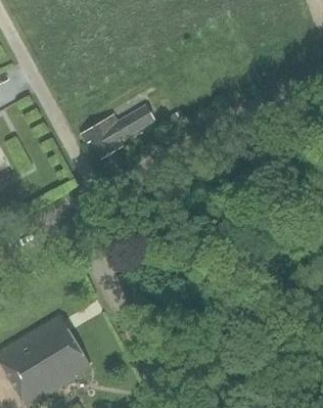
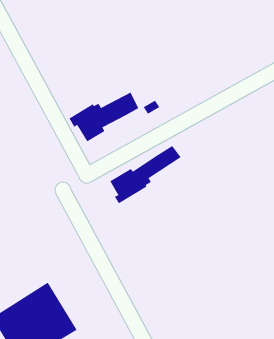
building: none -> [110,145,182,204]

